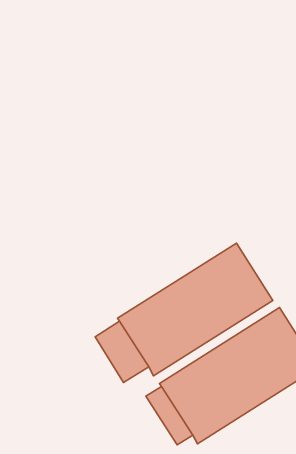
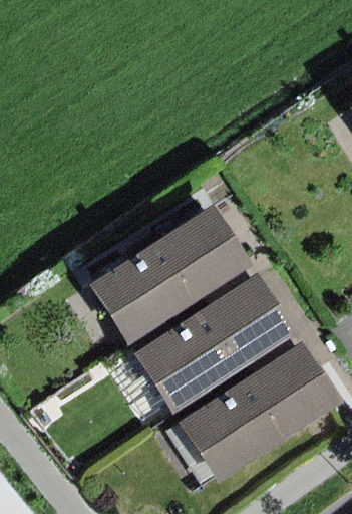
building: none -> [90,204,252,345]

